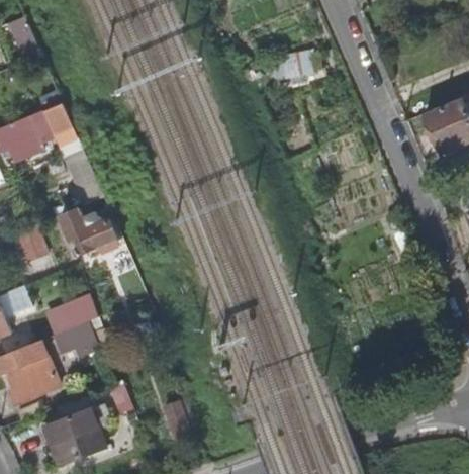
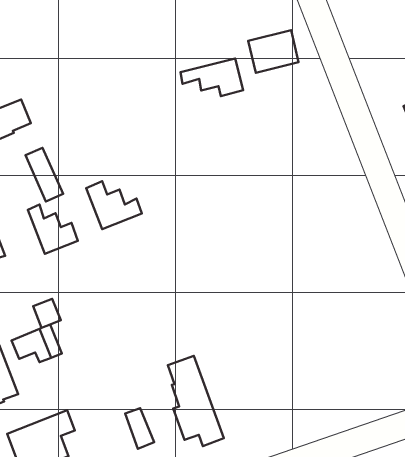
building: none -> [180,59,243,96]
building: none -> [86,181,142,229]
building: none -> [168,356,224,446]

